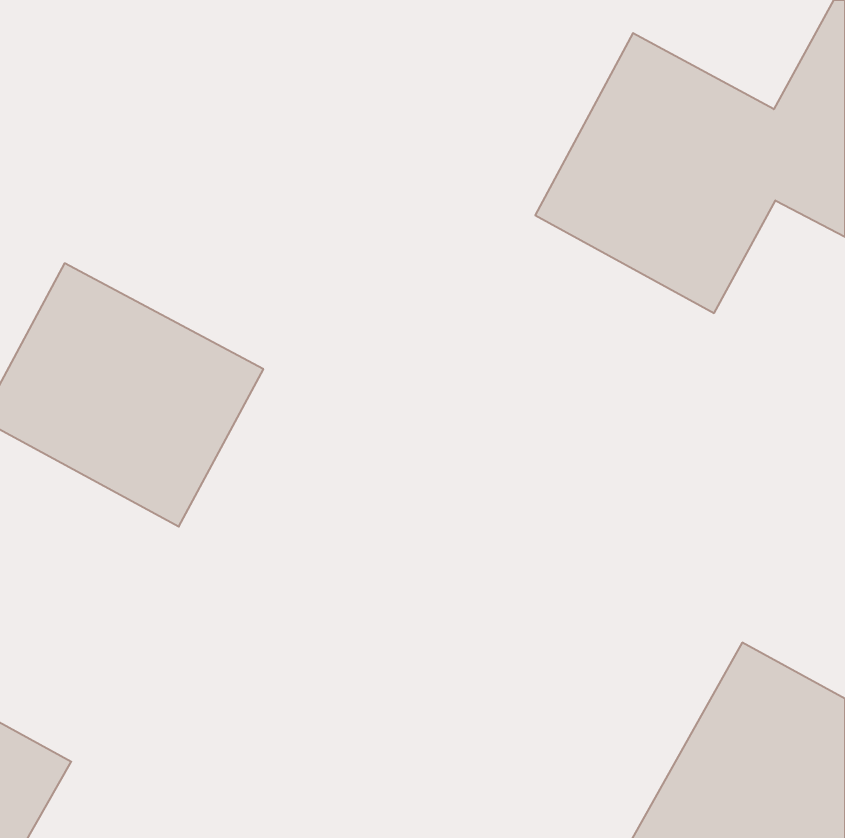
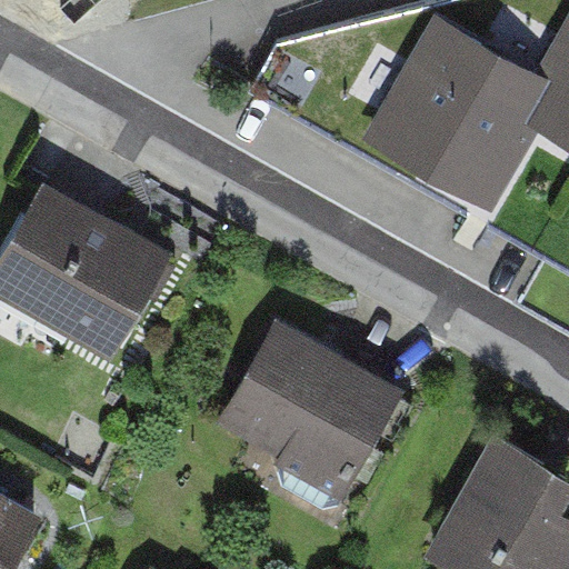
building: none -> [212,316,426,512]

